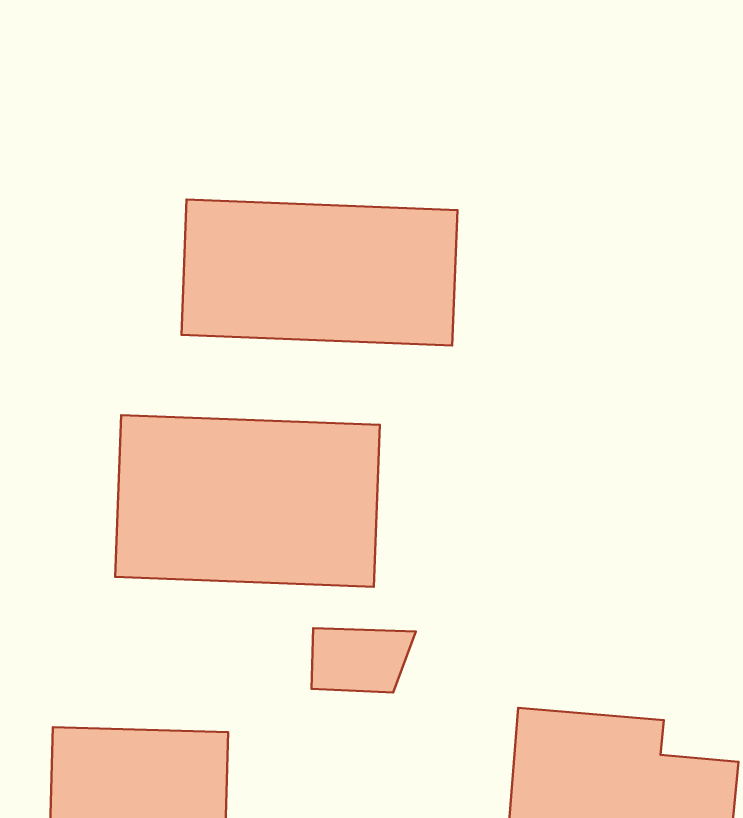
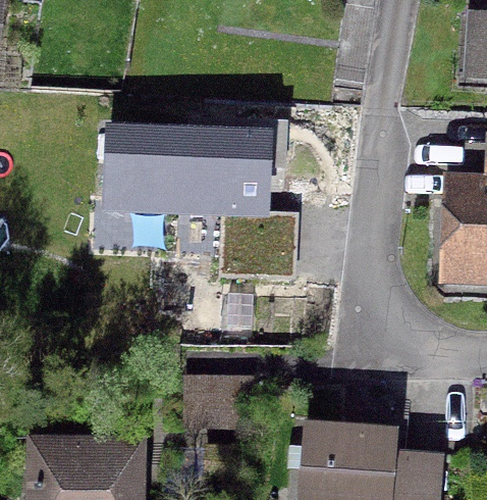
building: [115,415,380,587] -> none

